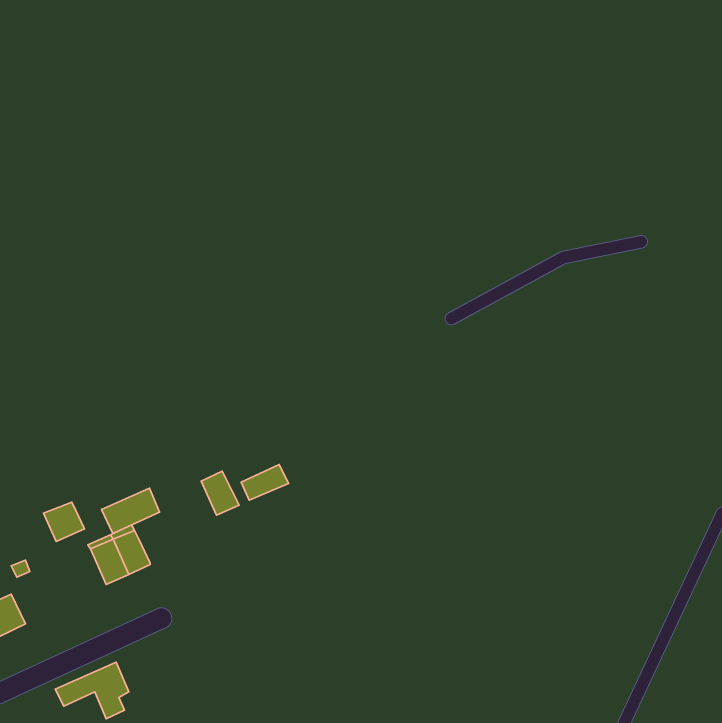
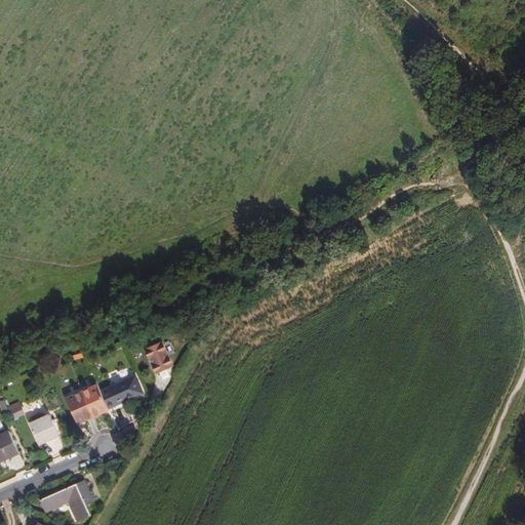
building: [241,465,288,500] -> none
building: [101,488,160,533] -> [100,375,143,408]
building: [43,502,84,542] -> [29,415,58,444]

